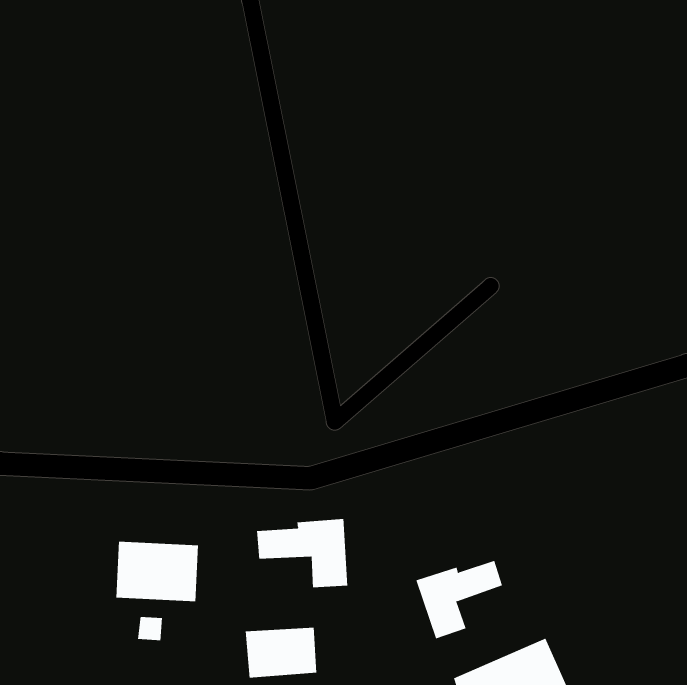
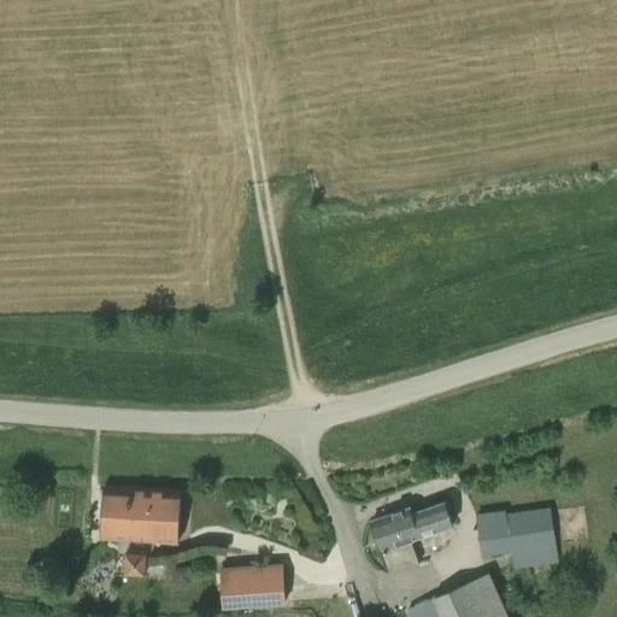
building: [256,518,348,588] -> none
building: none -> [476,509,557,570]

